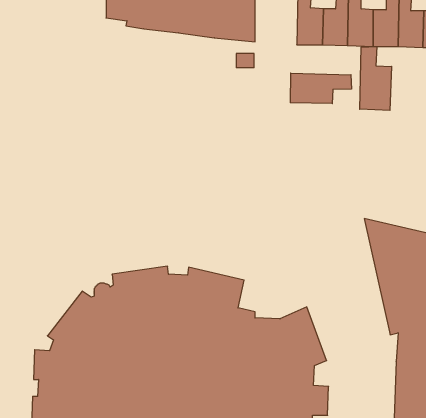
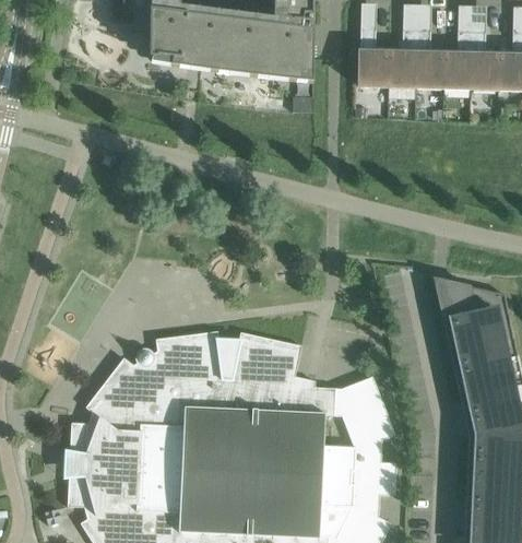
building: [360,47,392,110] -> none
building: [290,73,351,104] -> none

